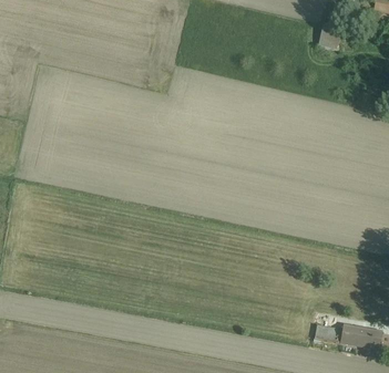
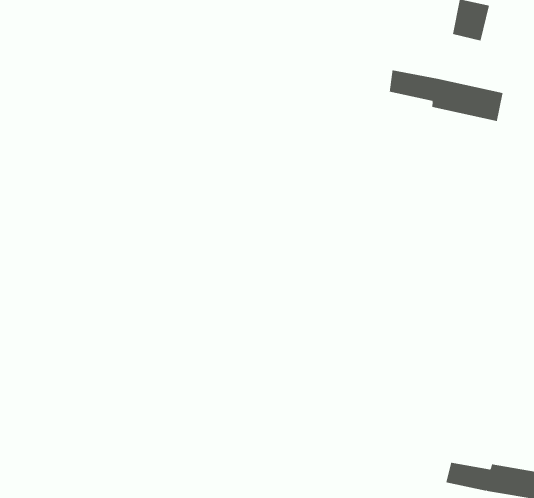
building: none -> [389,70,503,122]

